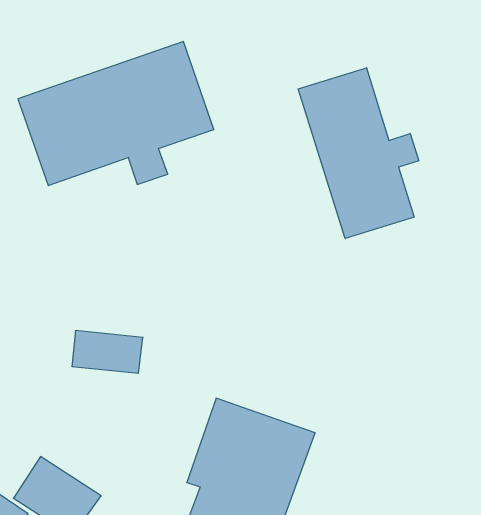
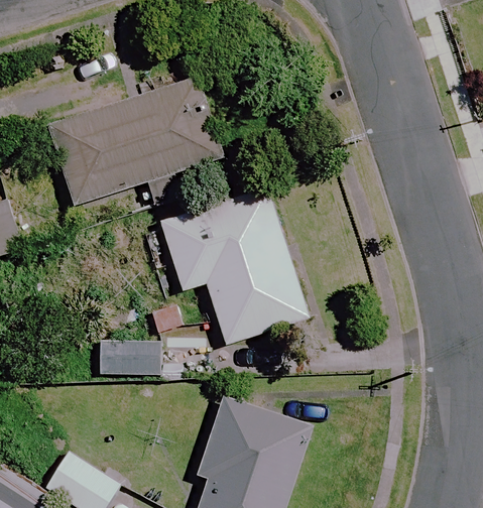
building: [298,68,419,239] -> none
building: none -> [159,188,310,344]

